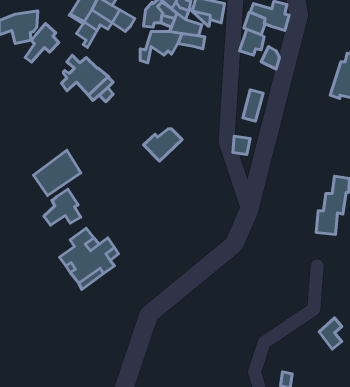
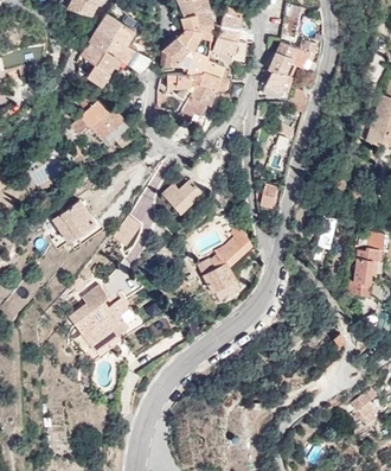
building: [25,23,59,62] -> none
building: none -> [179,85,216,122]
building: none -> [196,230,250,304]
building: [44,189,81,225] -> none

